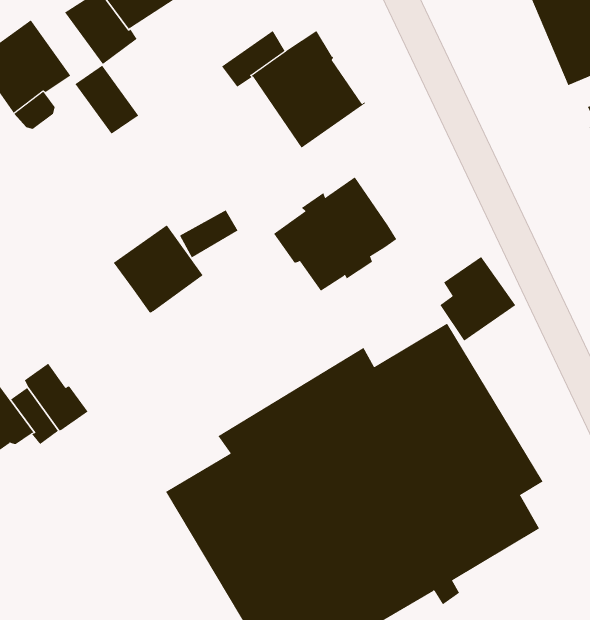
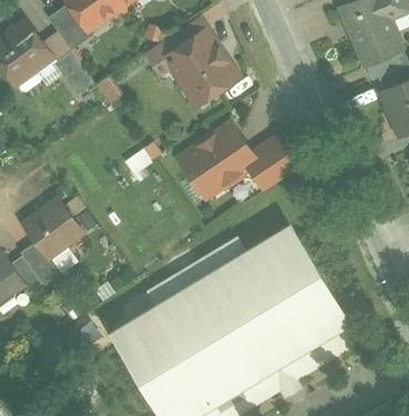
building: [113,225,204,313] -> [23,201,81,257]
building: [440,256,516,342] -> [249,138,298,192]

